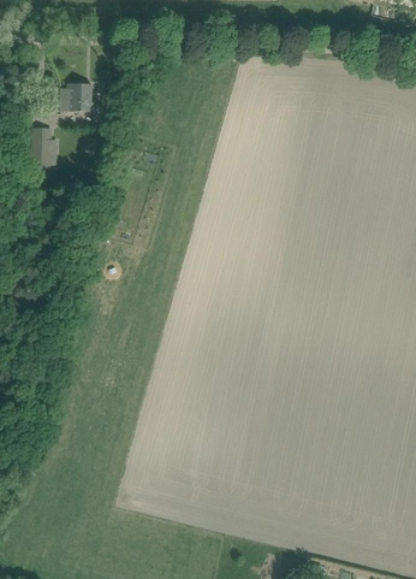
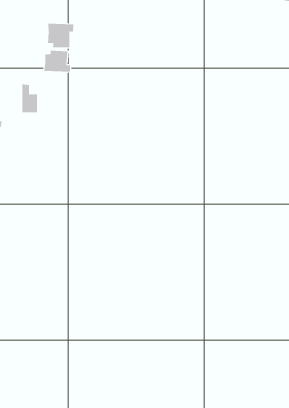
building: none -> [48,23,74,48]

